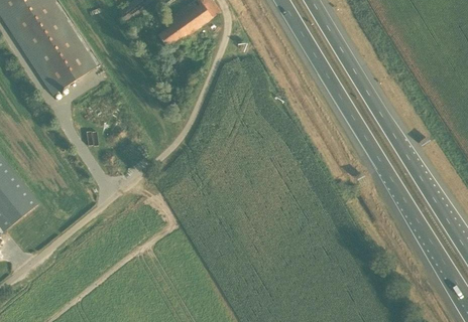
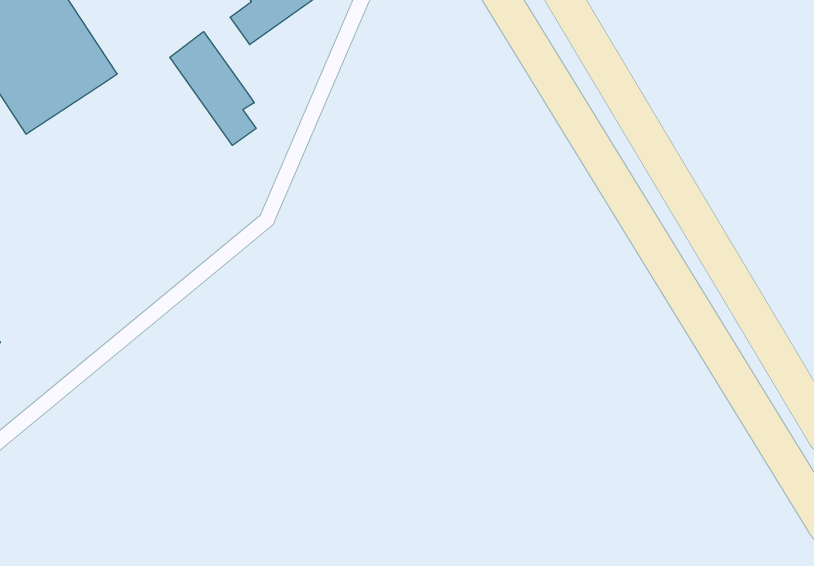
building: none -> [170,32,256,145]

